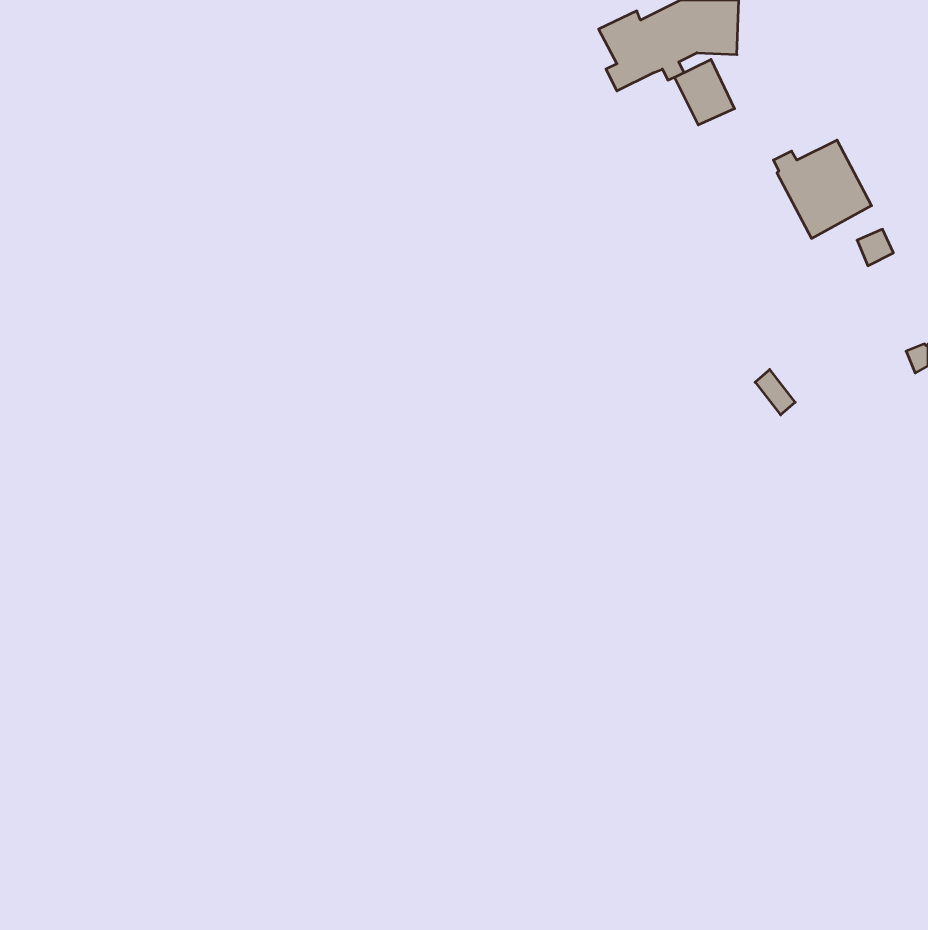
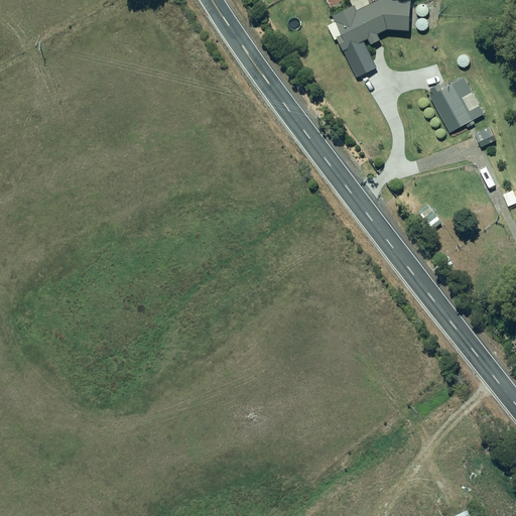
building: [675,59,735,125] -> [342,40,375,77]

